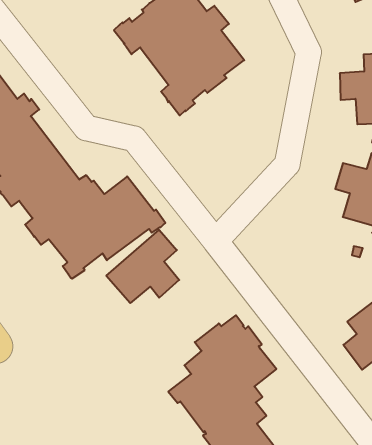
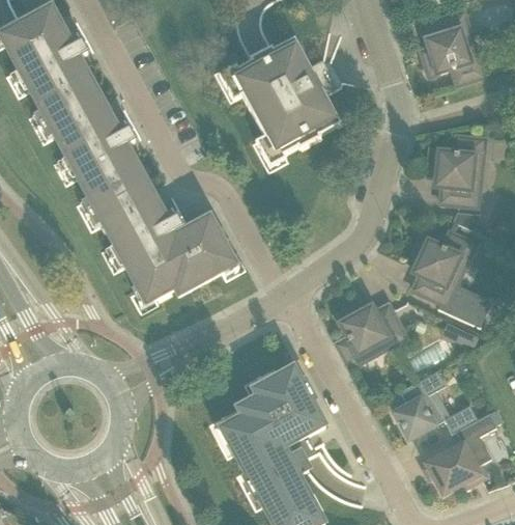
building: [106,230,179,303] -> none
building: none -> [337,302,407,365]

